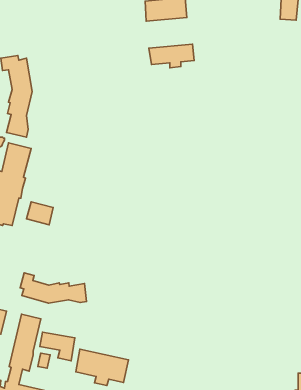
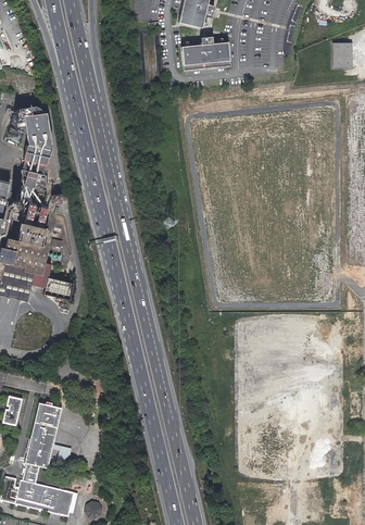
building: [149,44,194,68] -> none
building: [20,273,87,303] -> none
building: [76,349,129,386] -> none

